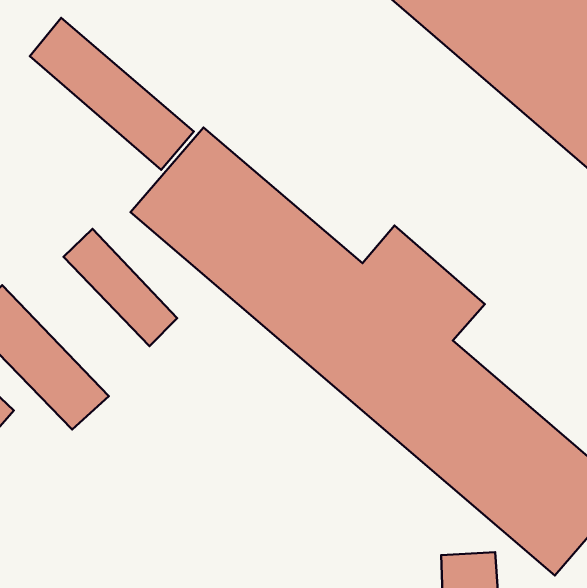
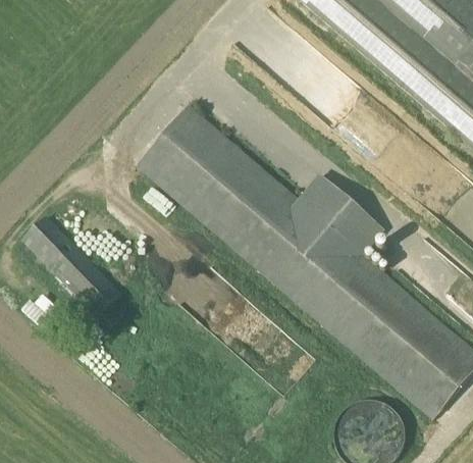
building: [30,18,194,170] -> none
building: [63,229,177,346] -> none

